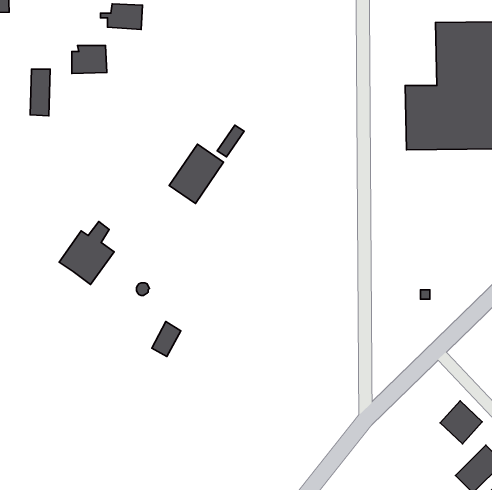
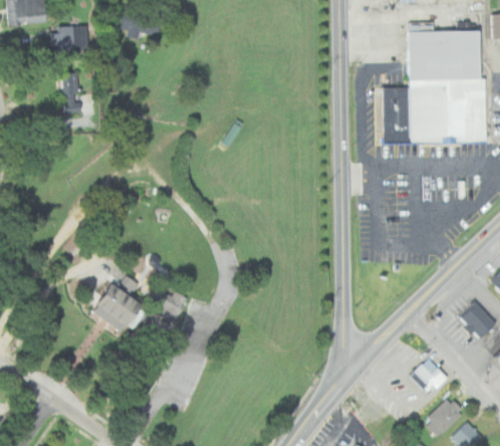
building: [72,46,107,74] -> [49,26,79,50]
building: [169,144,224,203] -> none
building: [59,221,114,284] -> [95,275,143,329]

